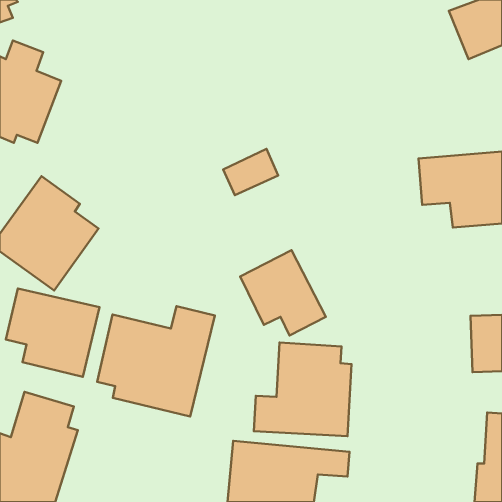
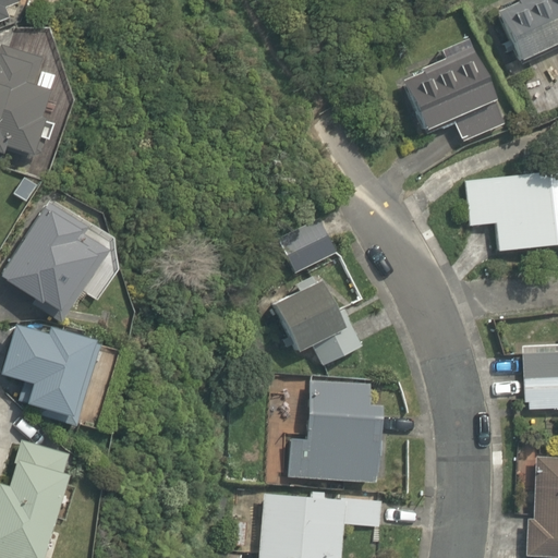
building: none -> [404,39,509,144]
building: [223,149,278,195] -> [276,219,337,270]
building: [97,306,215,416] -> none

